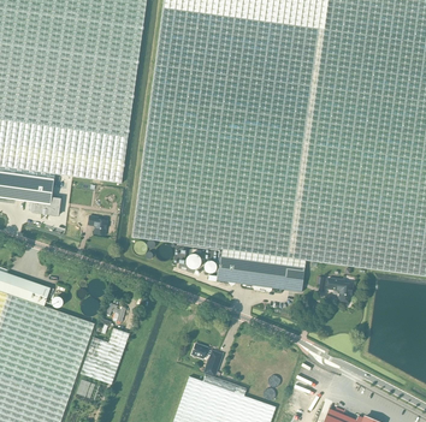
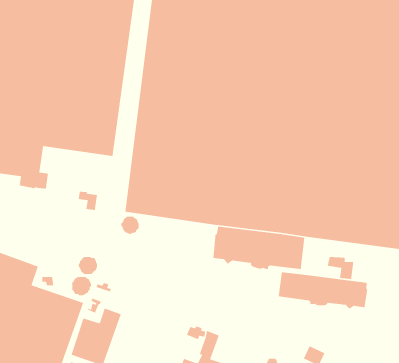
building: none -> [278,272,368,310]

